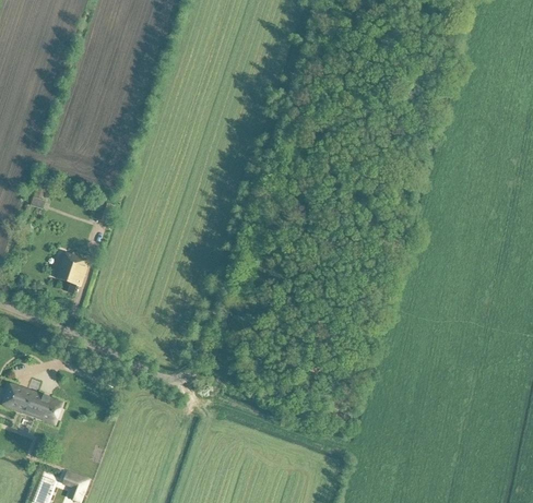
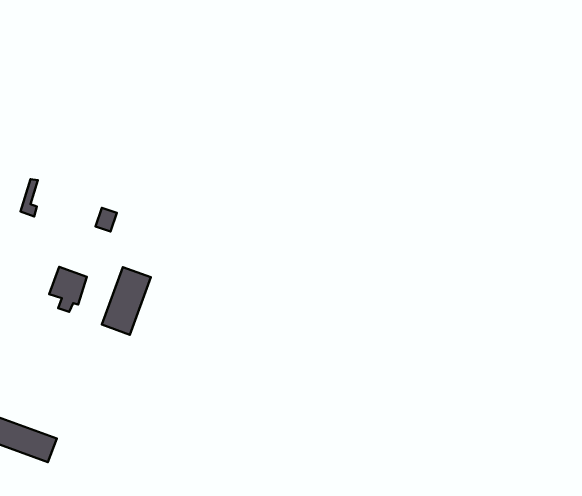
building: none -> [102,267,151,335]

